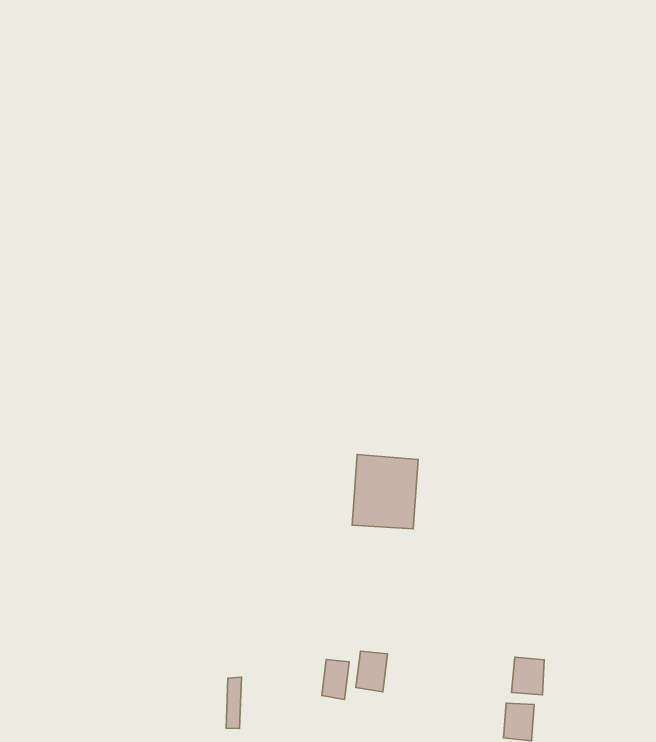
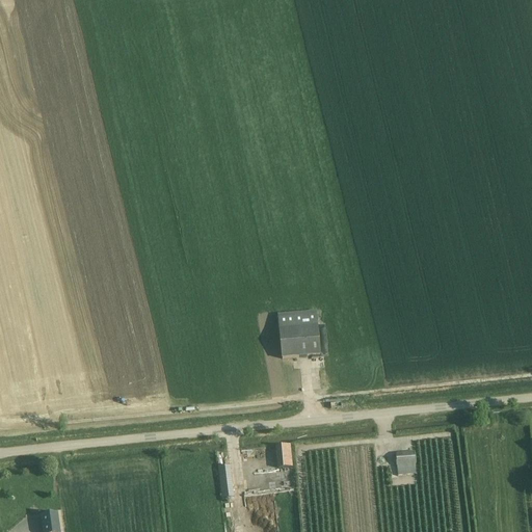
building: [356,651,388,692] -> none
building: [512,657,544,695] -> none

